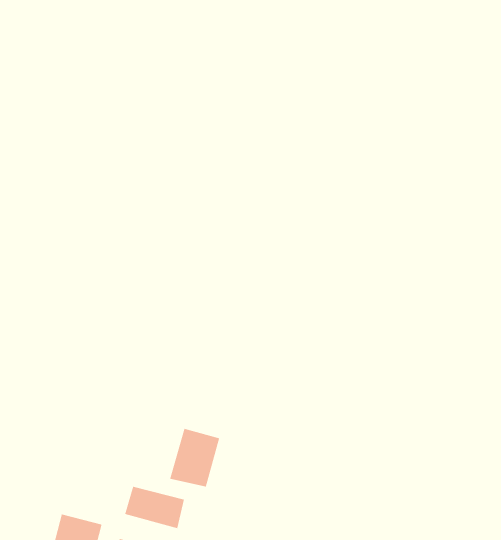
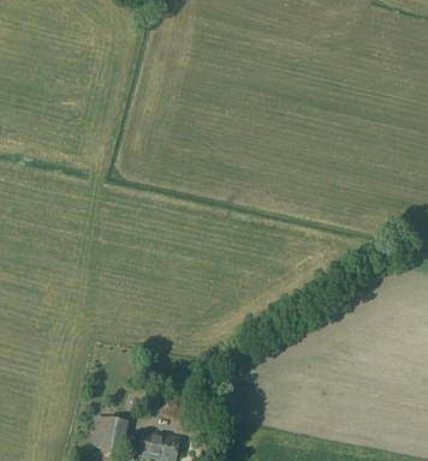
building: [169,428,220,488] -> none

